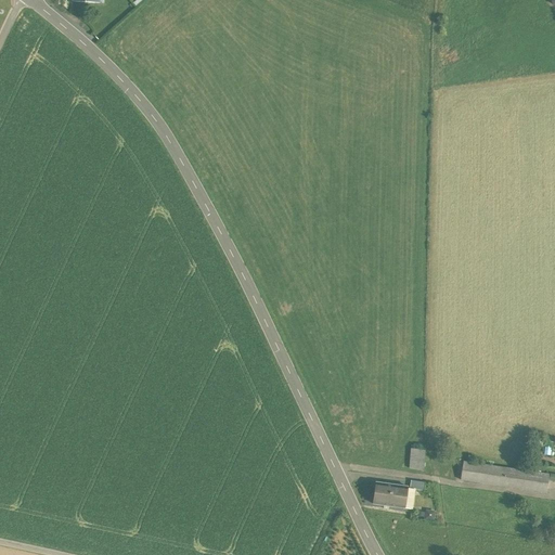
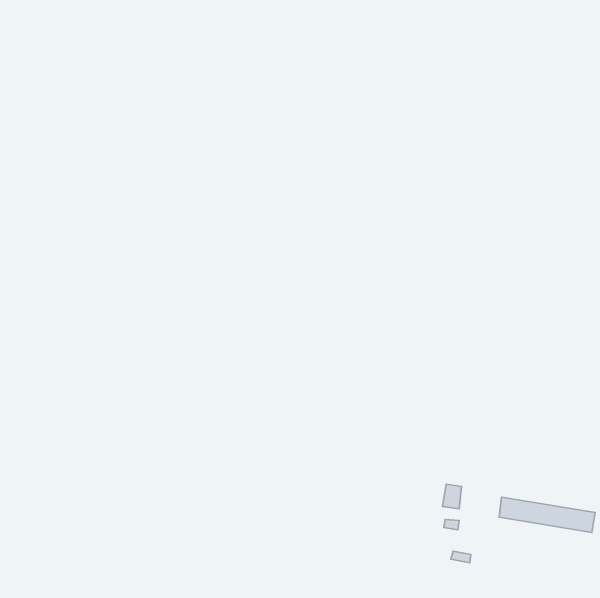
building: [373,481,406,507] -> none

